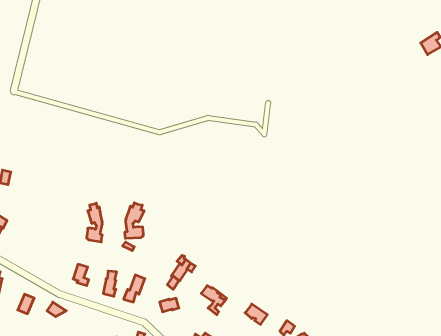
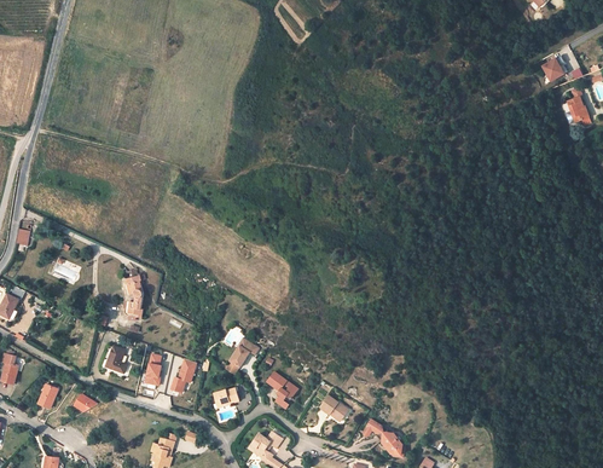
building: [125,203,144,238] -> none

